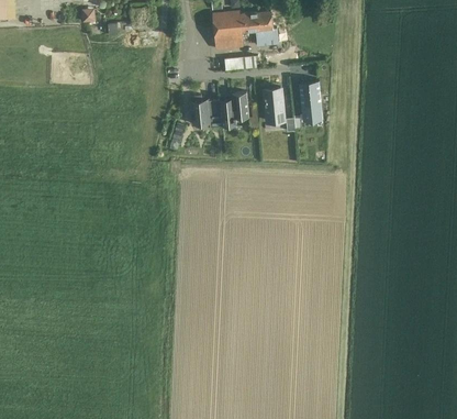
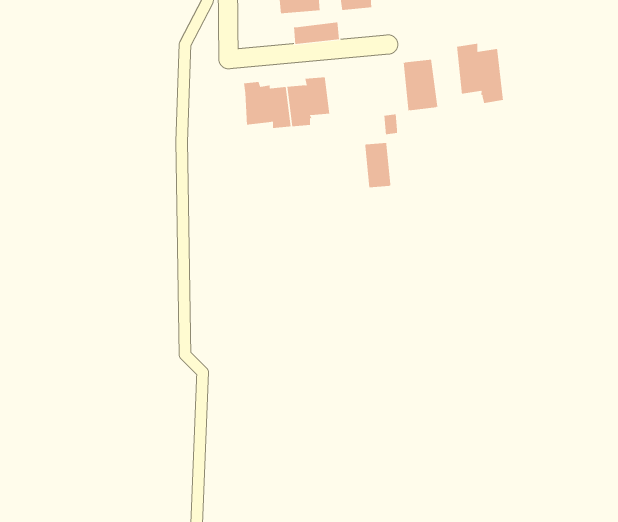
building: none -> [457,43,503,104]
building: [264,88,282,122] -> [364,141,392,191]

